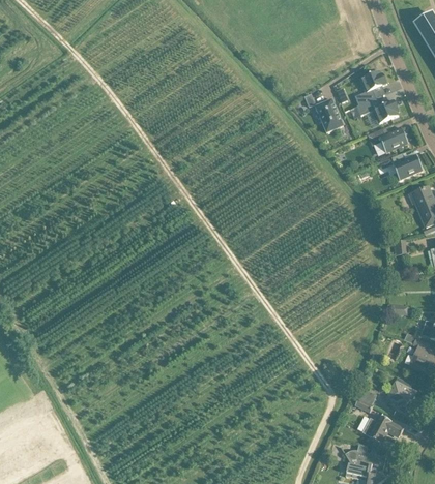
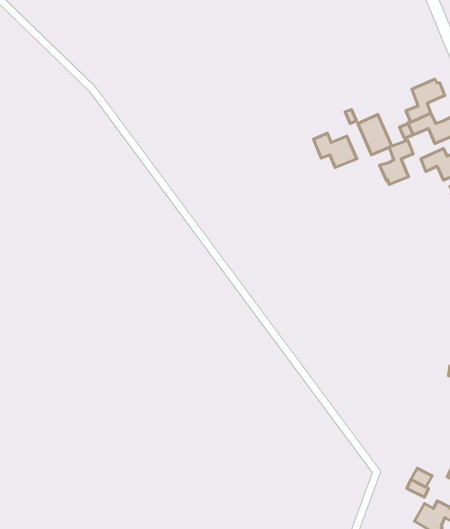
building: none -> [314,133,357,167]
building: none -> [380,140,413,185]

